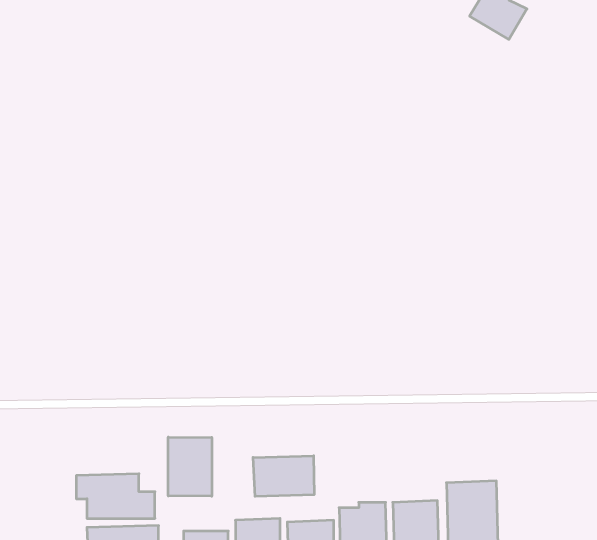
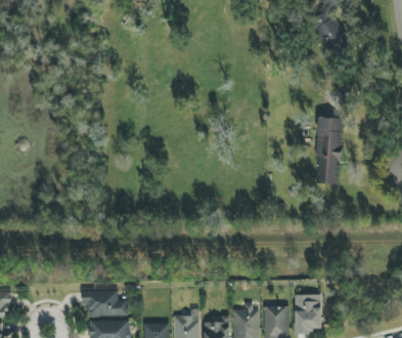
building: none -> [315,118,342,184]
building: [168,437,212,496] -> none
building: [253,456,314,496] -> none

